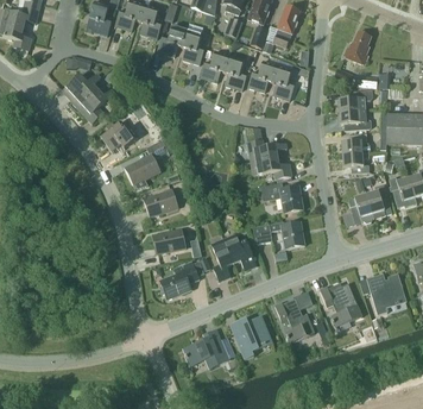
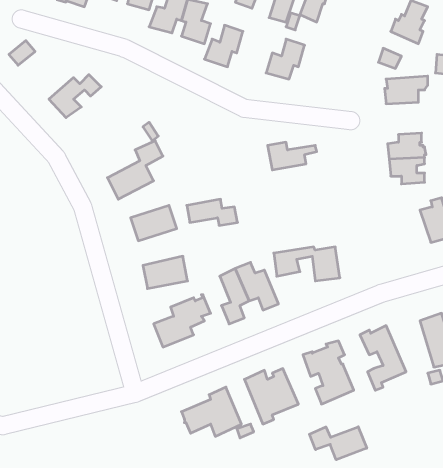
building: [225,55,247,89] -> none
building: [272,65,295,100] -> none
building: [63,73,101,107] -> none
building: [340,109,372,130] -> none
building: [100,119,138,150] -> none
building: [252,157,291,177] -> [187,199,238,225]
building: [261,182,303,212] -> none
building: [348,193,374,224] -> none
building: none -> [309,427,367,460]

